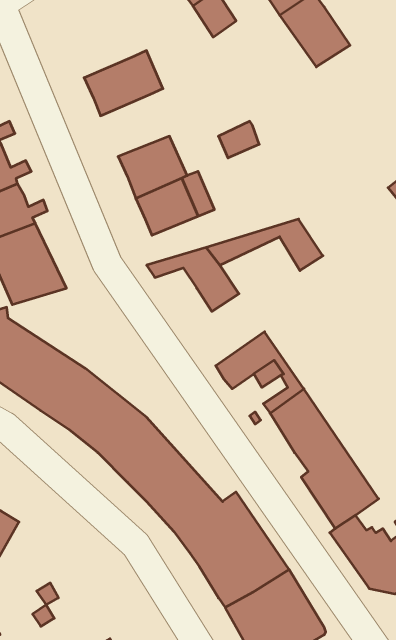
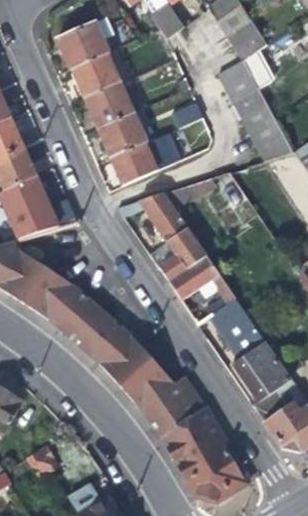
building: none -> [57,14,117,68]
building: none -> [218,59,294,161]
building: none -> [83,80,134,126]
building: none -> [148,228,204,281]

